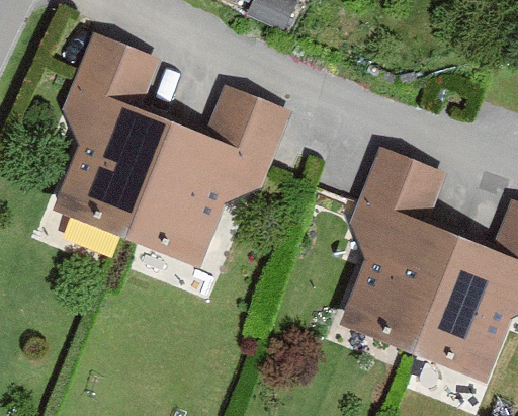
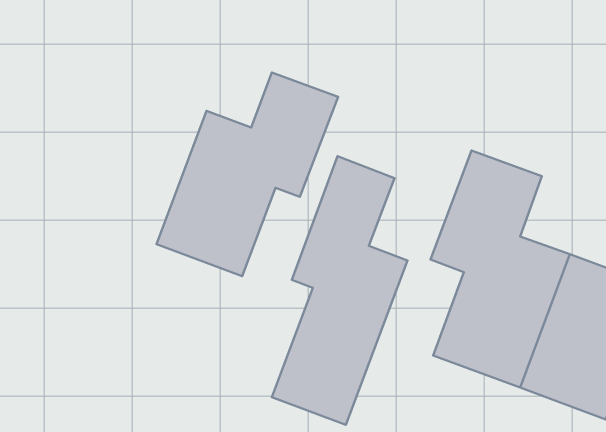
building: [63,43,173,231] -> none
building: none -> [272,156,407,425]

